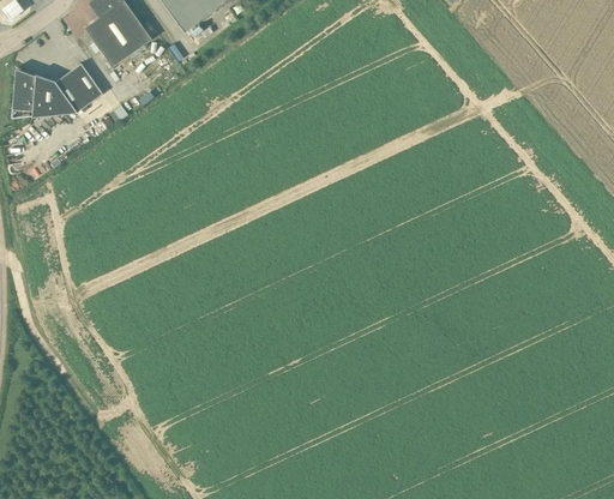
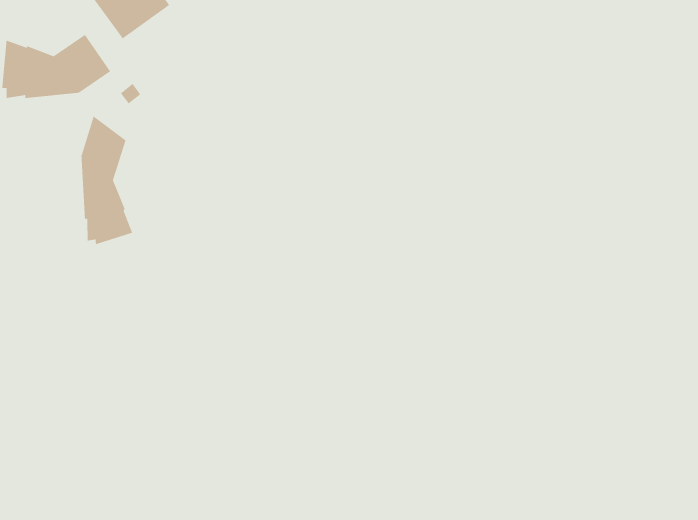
building: none -> [81,115,133,245]

